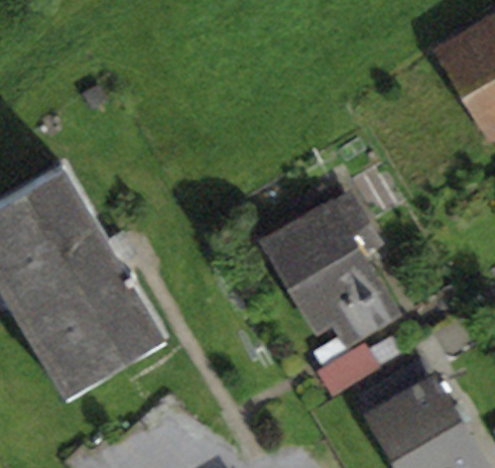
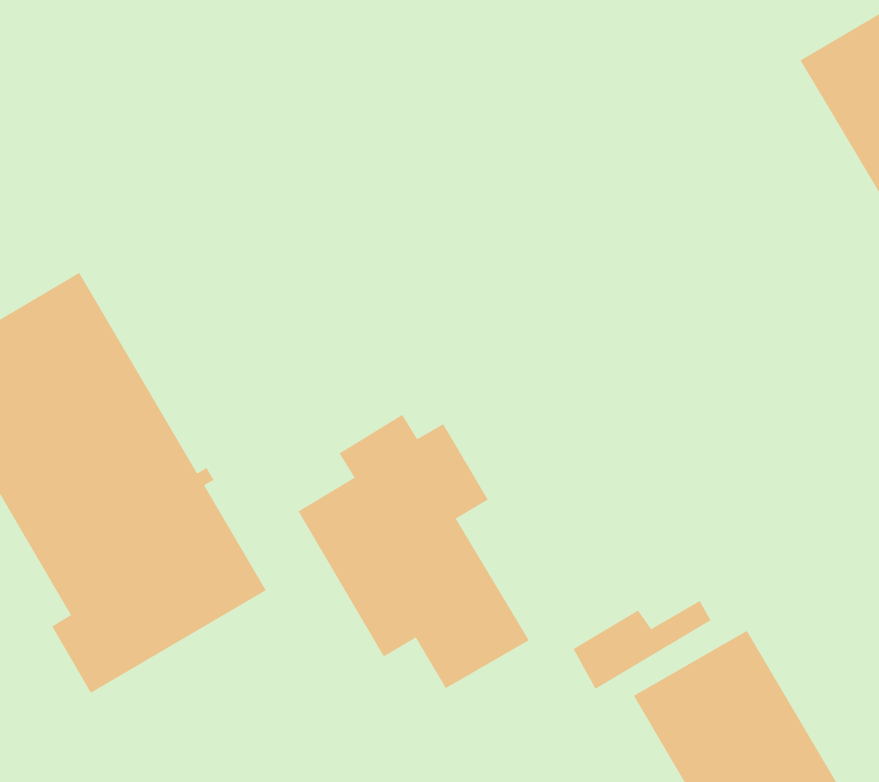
building: [269,197,394,345] -> [297,414,530,689]

